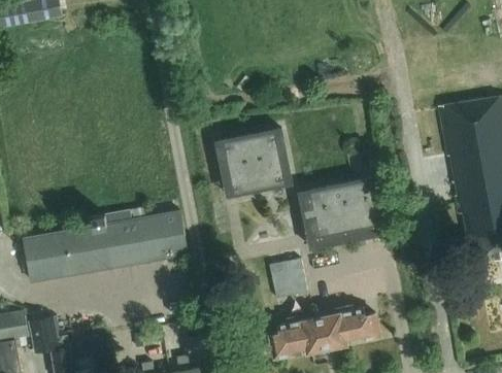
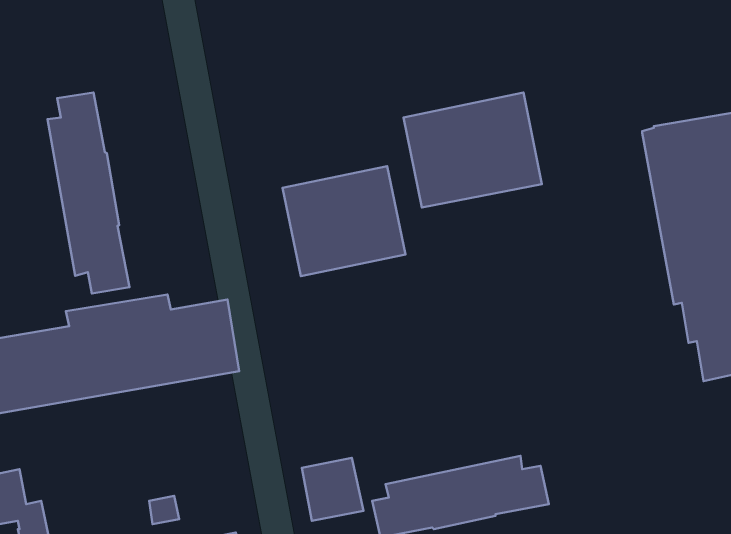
building: none -> [47,93,130,293]
building: [298,176,383,247] -> [404,93,542,207]
building: [269,259,307,298] -> [302,458,364,521]

